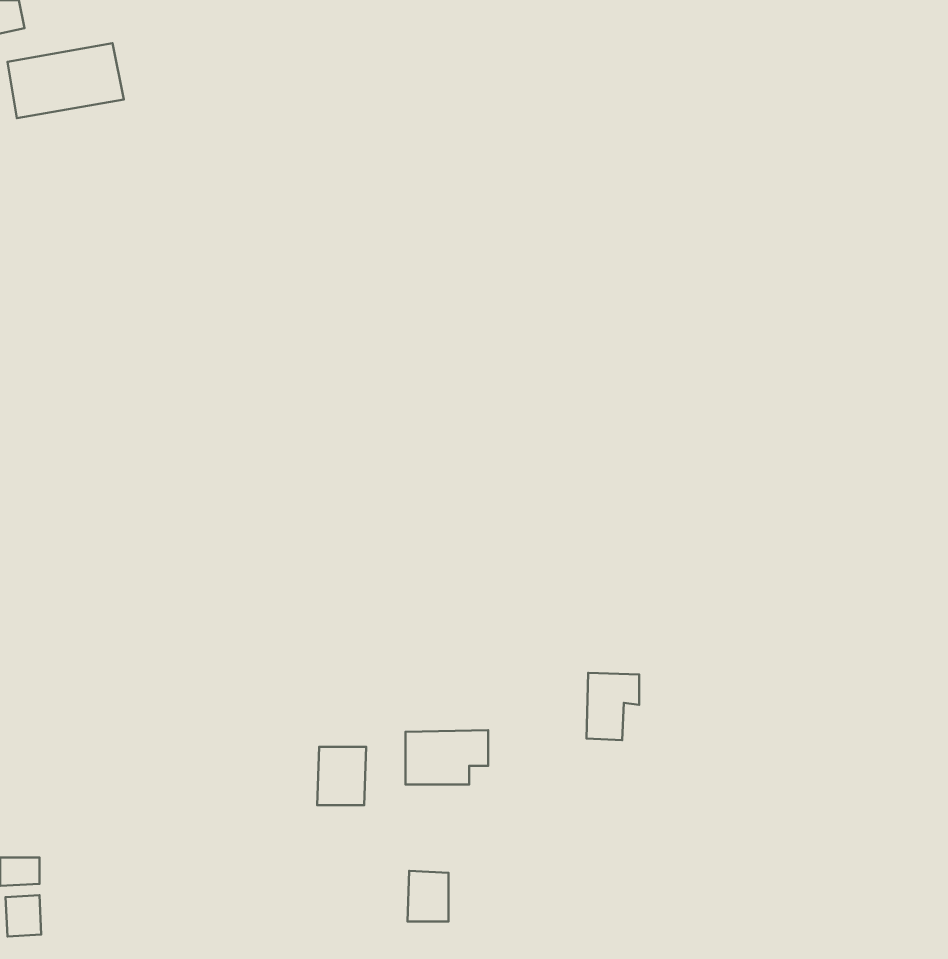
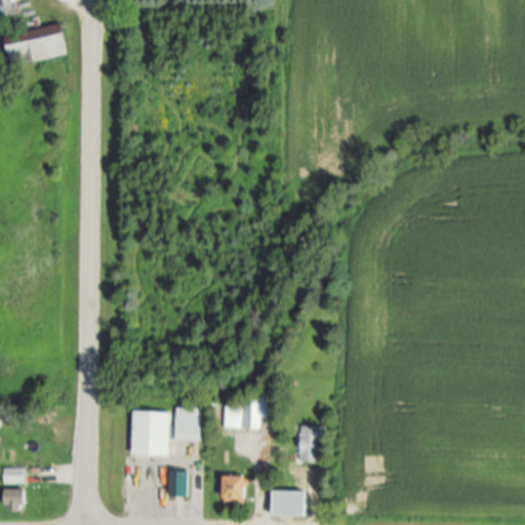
building: [586,673,639,740] -> [295,426,324,462]
building: none -> [129,411,169,455]
building: none -> [272,491,305,516]

